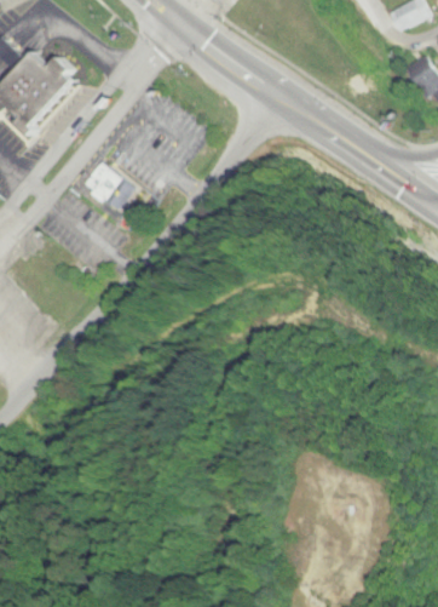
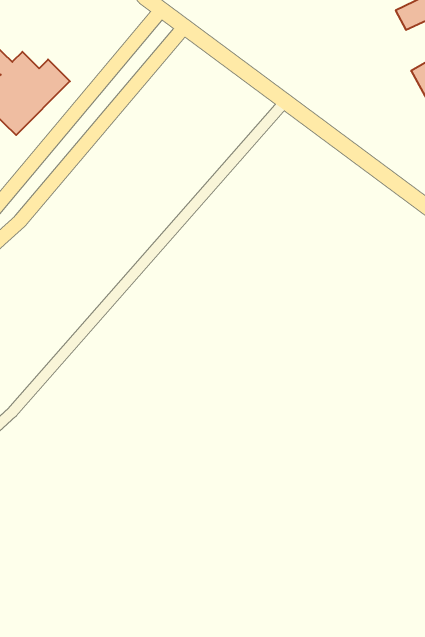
building: [81,162,131,211] -> none

